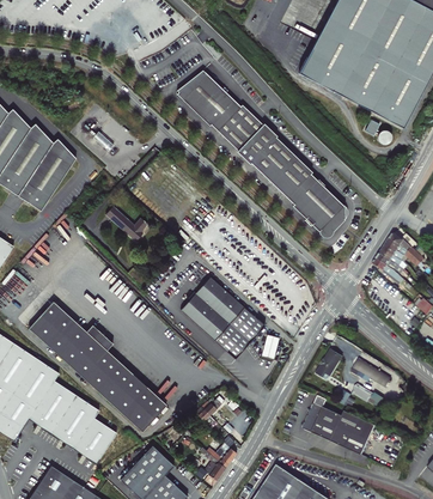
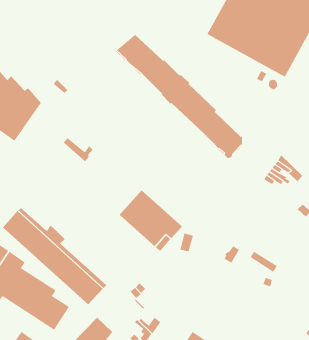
building: [304,402,376,455] -> none

